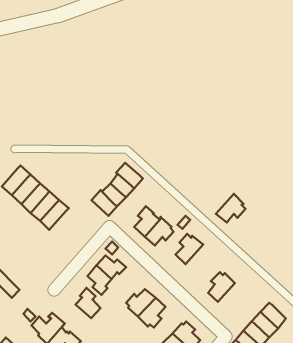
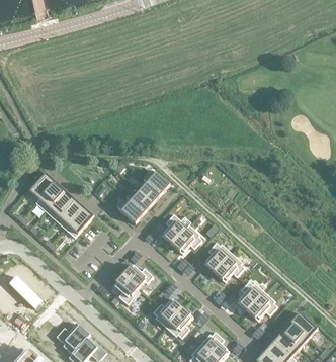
building: [216,194,246,223] -> [214,253,244,282]
building: none -> [247,292,277,321]
building: [76,288,100,318] -> none

